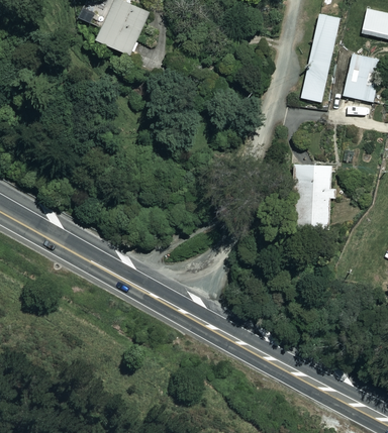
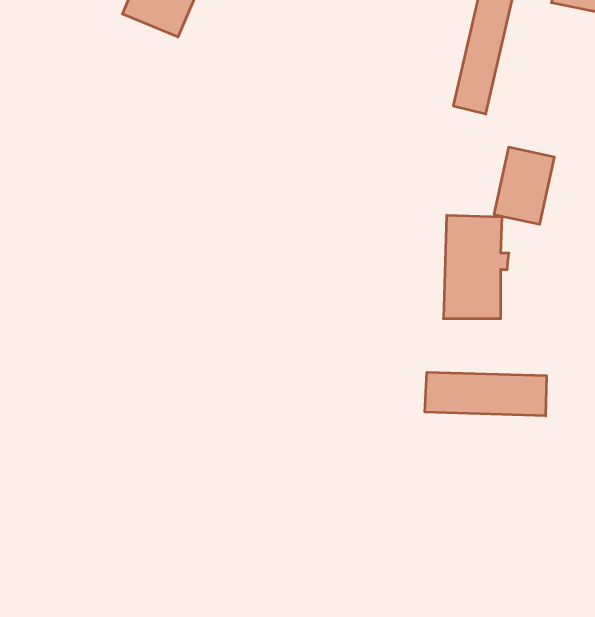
building: [343,53,380,101] -> [494,147,554,224]
building: none -> [425,372,546,416]

